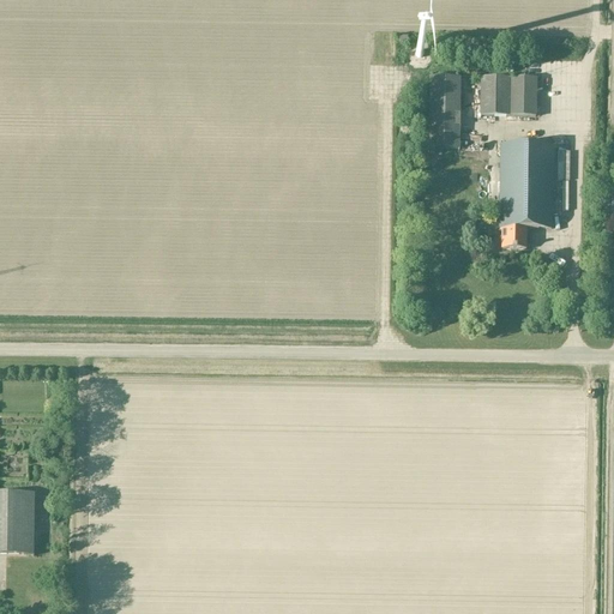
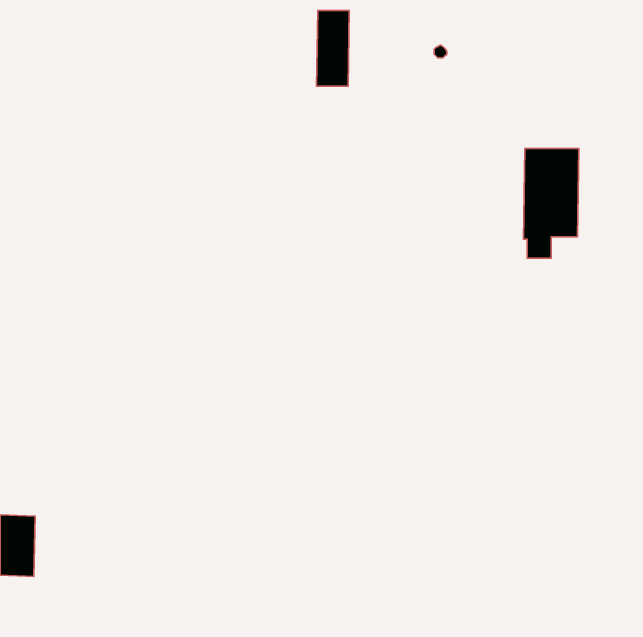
building: [428,73,459,145] -> [317,11,349,86]
building: [480,73,536,113] -> none

